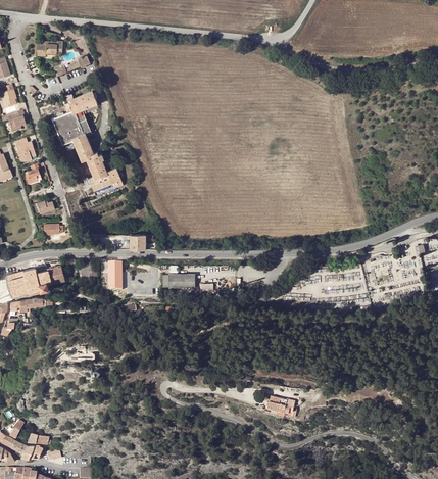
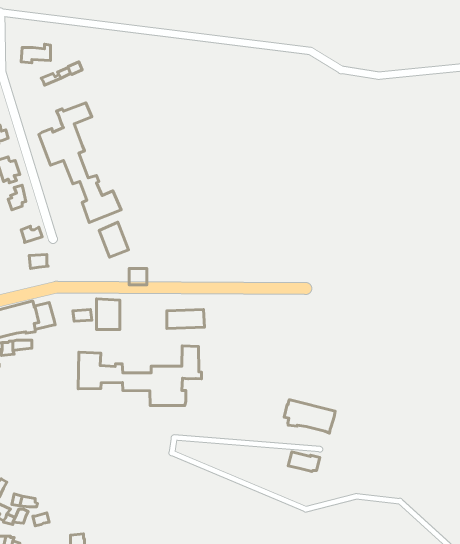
building: none -> [99,222,128,257]
building: none -> [78,346,202,406]
building: none -> [284,400,335,433]

